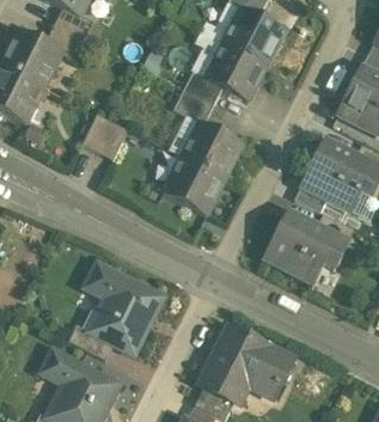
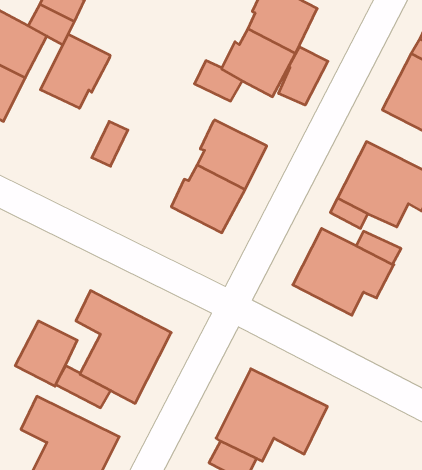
building: none -> [40,34,110,108]
building: none -> [279,47,328,105]
building: [172,91,212,123] -> none
building: none -> [15,321,77,386]

